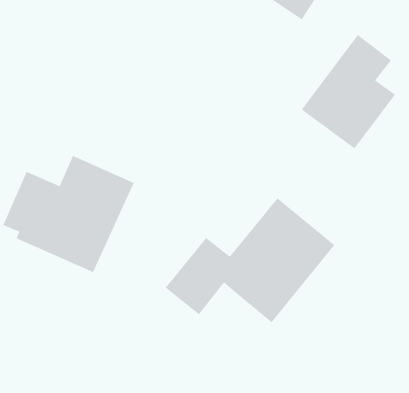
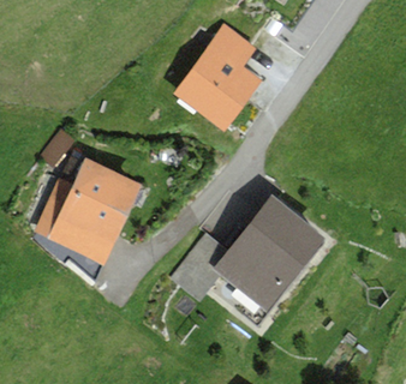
building: [301,34,396,149] -> [174,25,261,130]

